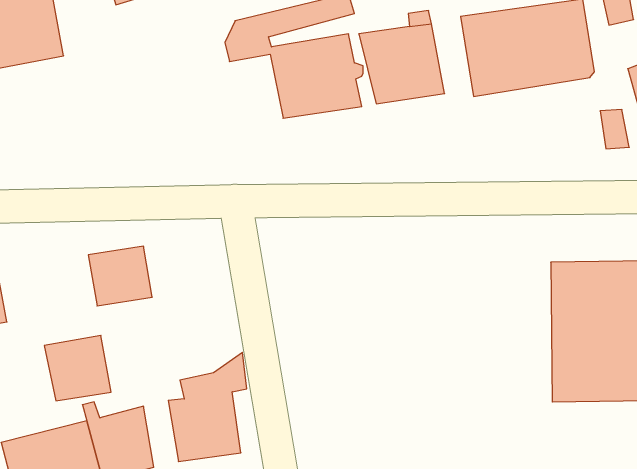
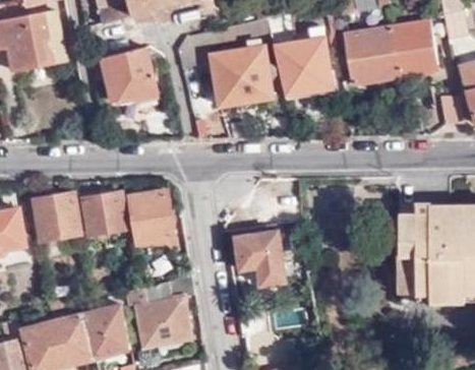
building: none -> [101,49,157,102]
building: none -> [131,192,173,245]
building: none -> [235,231,285,284]
building: [44,335,111,401] -> [34,194,80,240]

